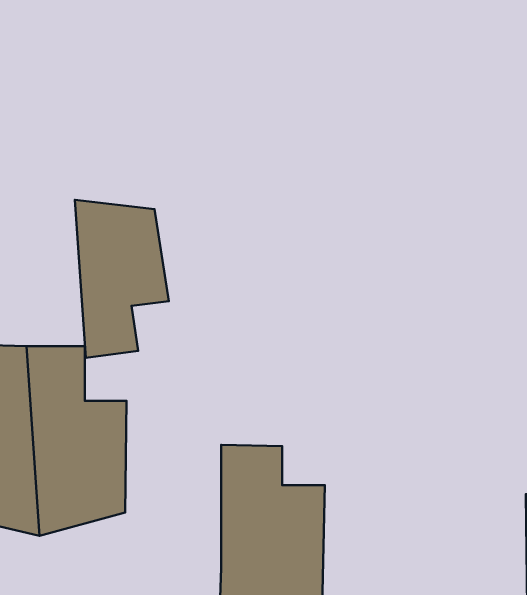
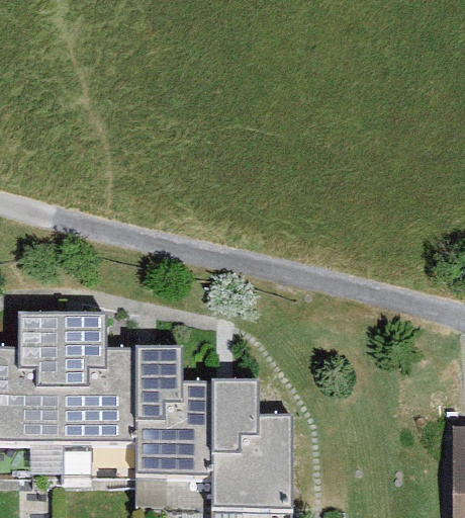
building: [75,200,169,358] -> none
building: none -> [136,354,211,485]

